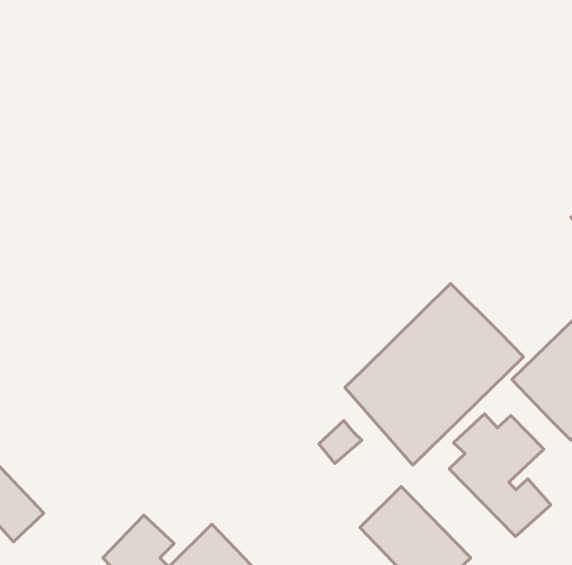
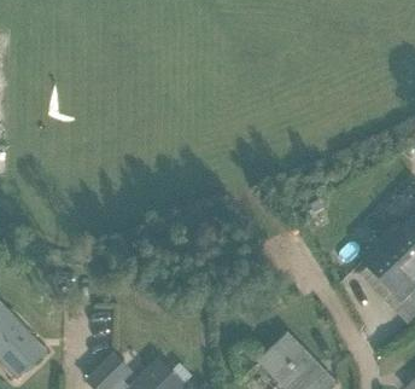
building: [345,284,523,465] -> none
building: [449,414,551,537] -> none

